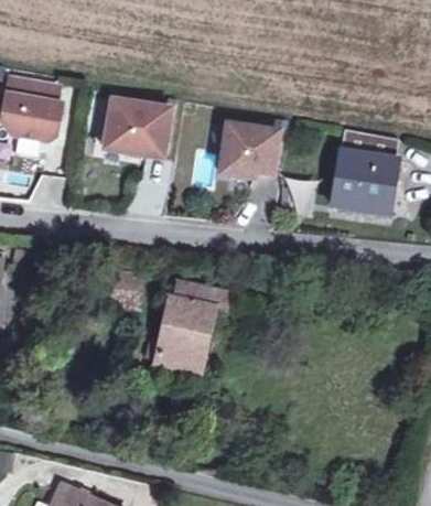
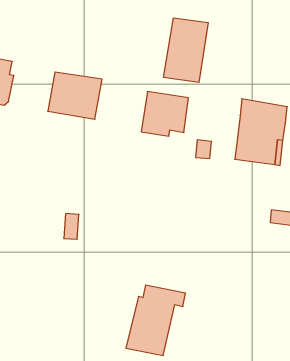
building: none -> [164,18,208,82]
building: [154,283,228,370] -> [126,285,186,355]

